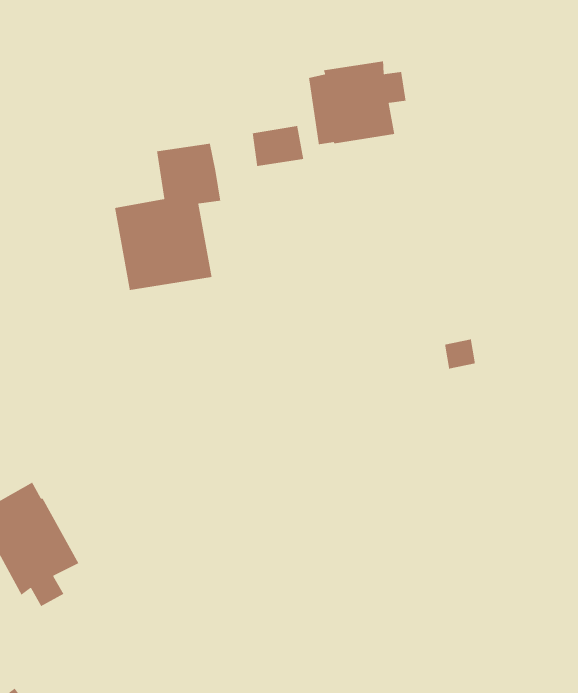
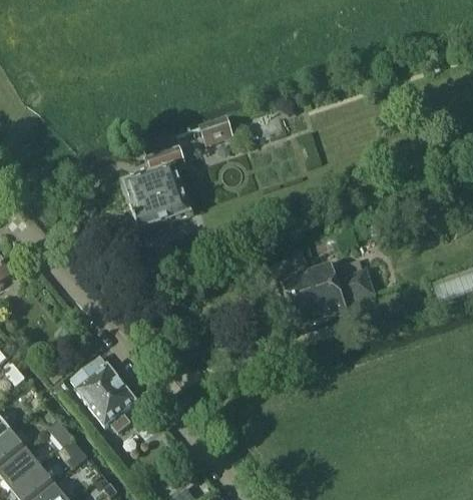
building: [308,61,406,145] -> none
building: none -> [279,246,372,325]

